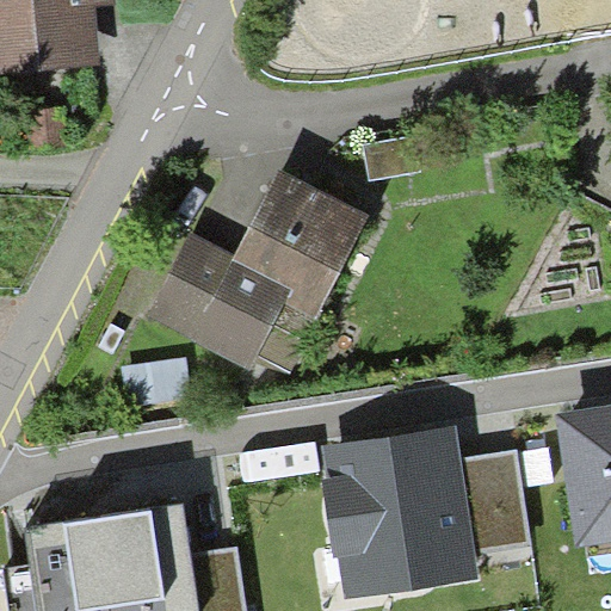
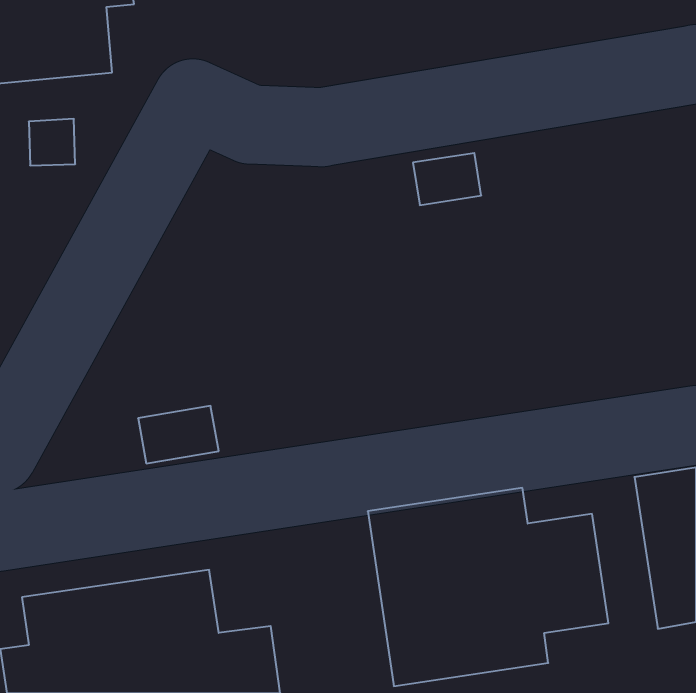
building: [147,171,371,375] -> none

